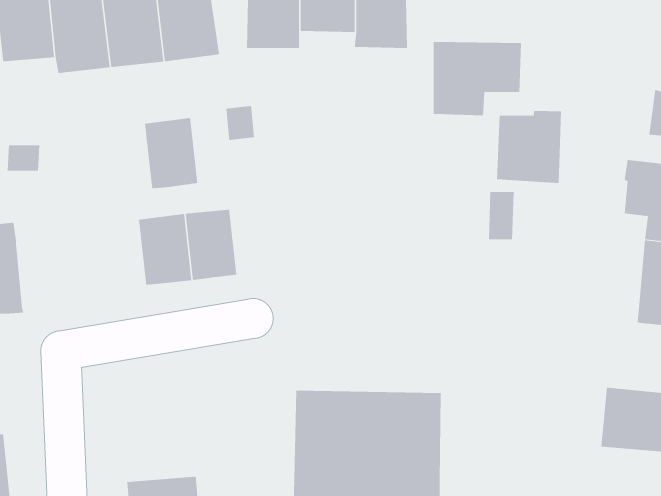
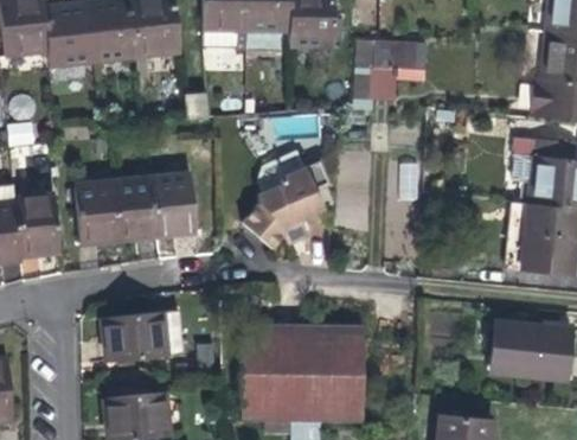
building: [497,110,561,184] -> none
building: [144,118,198,189] -> [78,185,122,243]
building: none -> [238,155,331,247]
building: none -> [18,198,62,257]
building: none -> [103,311,182,362]

